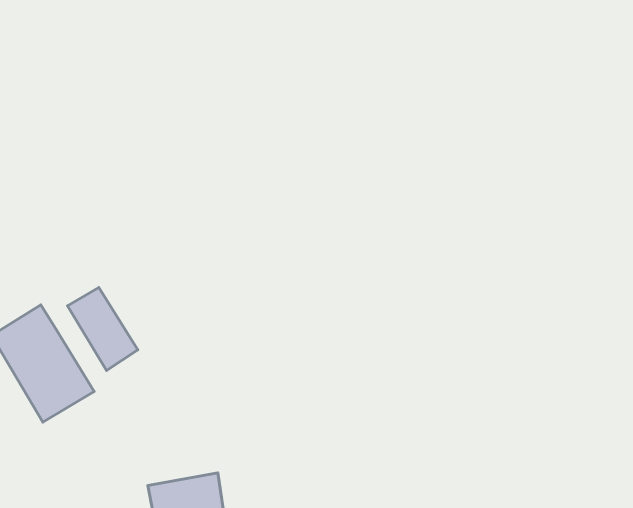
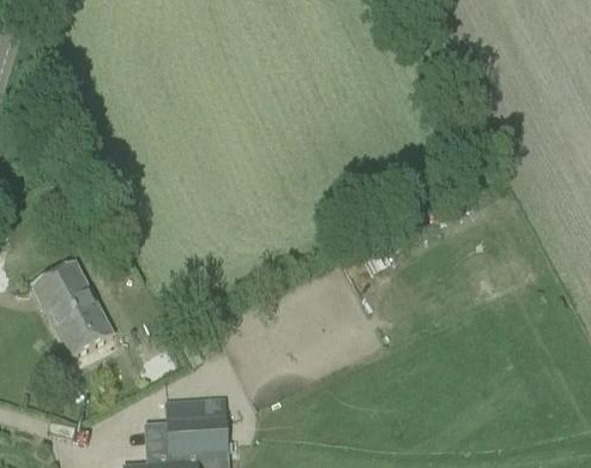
building: [68,287,138,370] -> none

